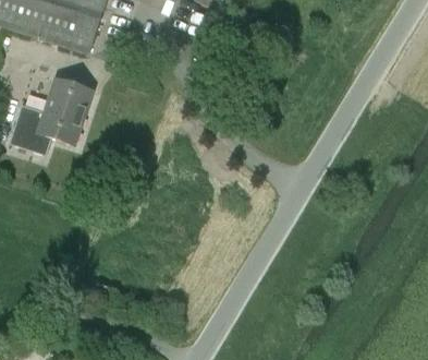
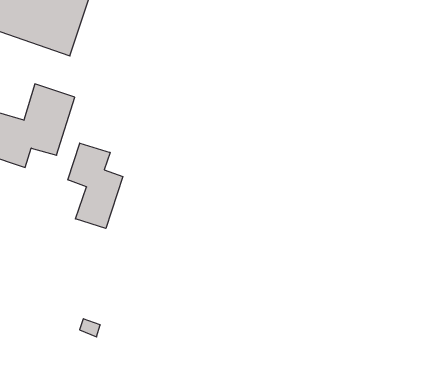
building: none -> [68,143,123,228]

